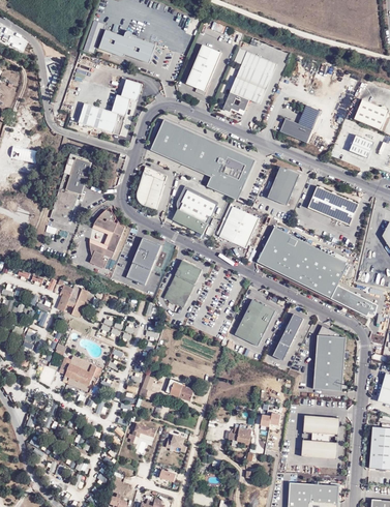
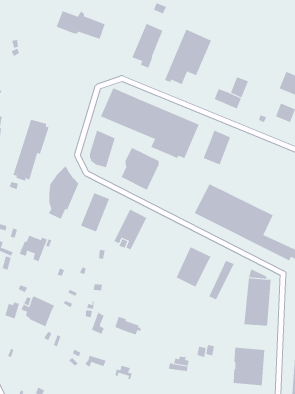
building: [78,78,143,135] -> none
building: [309,186,360,225] -> none
building: [219,206,259,247] -> none

